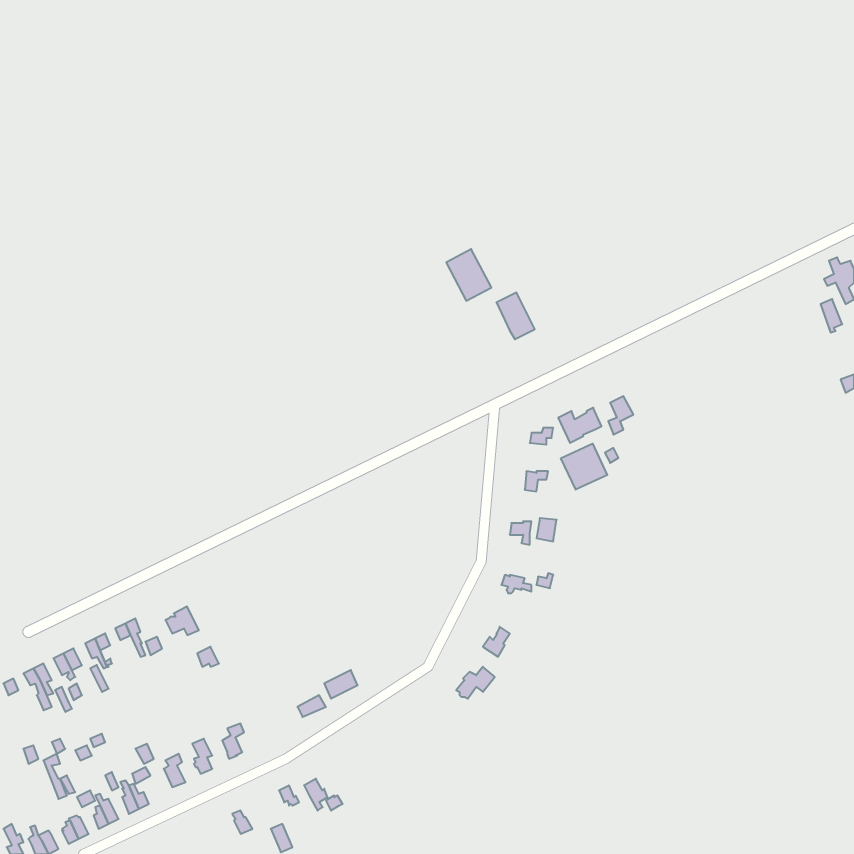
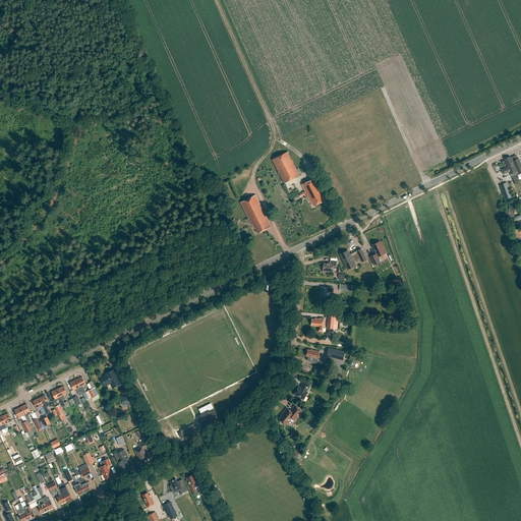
building: none -> [240,195,271,233]
building: [561,444,607,490] -> none

